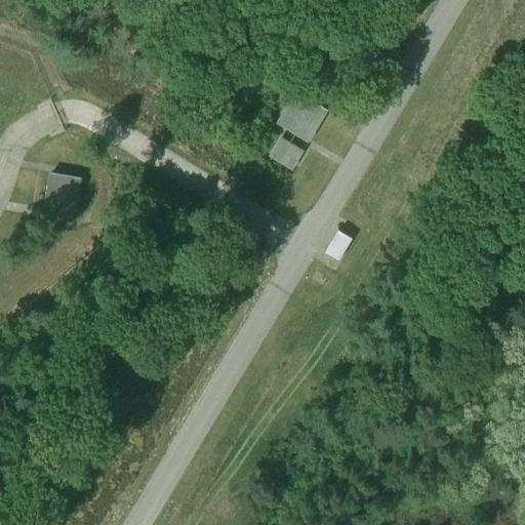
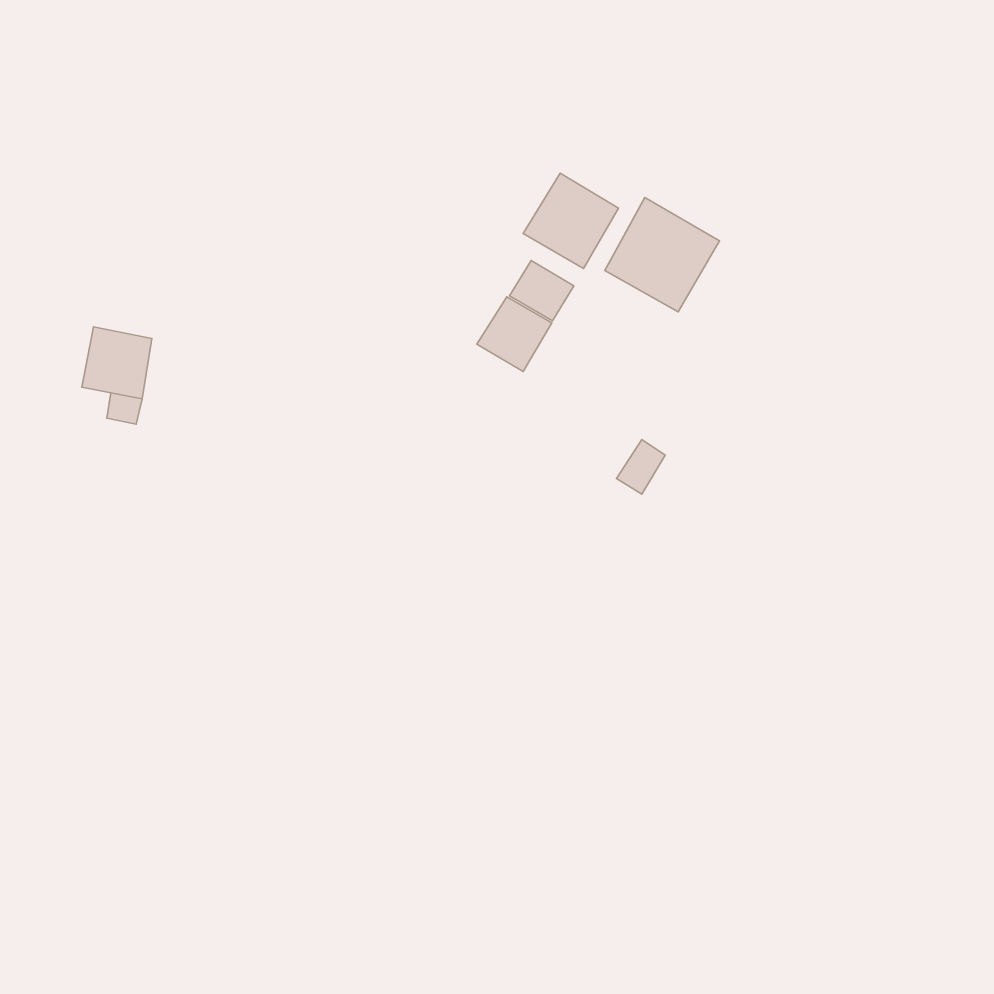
building: none -> [605,197,719,312]
building: none -> [477,297,552,371]

